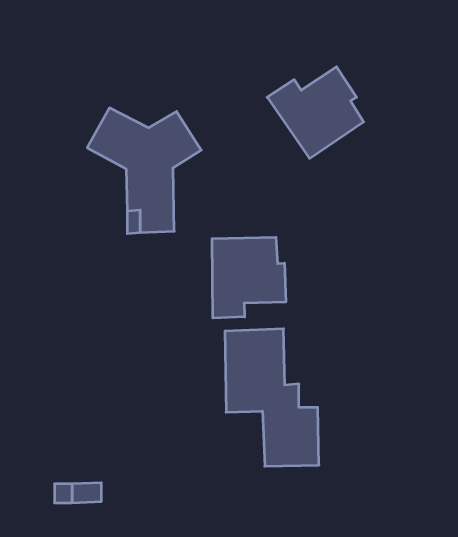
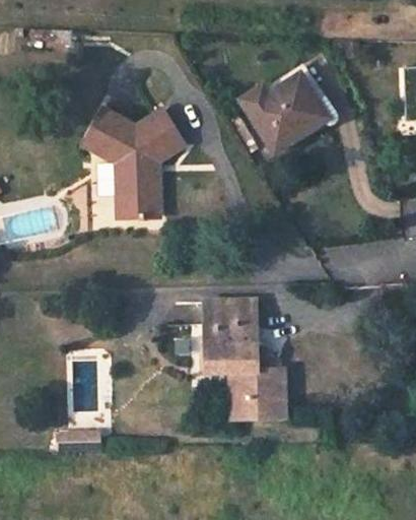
building: [212,237,286,318] -> none

